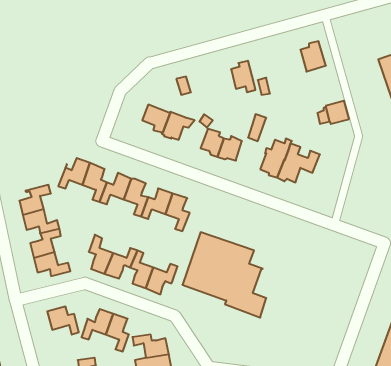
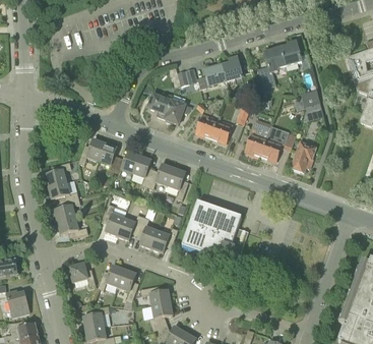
building: none -> [257,47,286,88]
building: none -> [197,63,227,89]
building: none -> [292,139,315,170]

